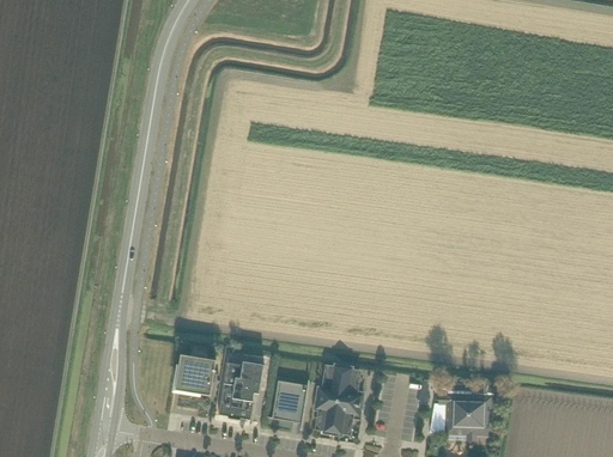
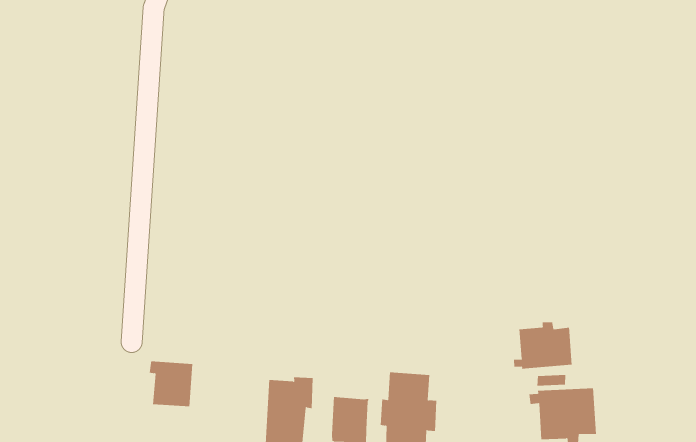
building: none -> [513,322,572,370]
building: [170,354,207,395] -> [149,361,193,407]

